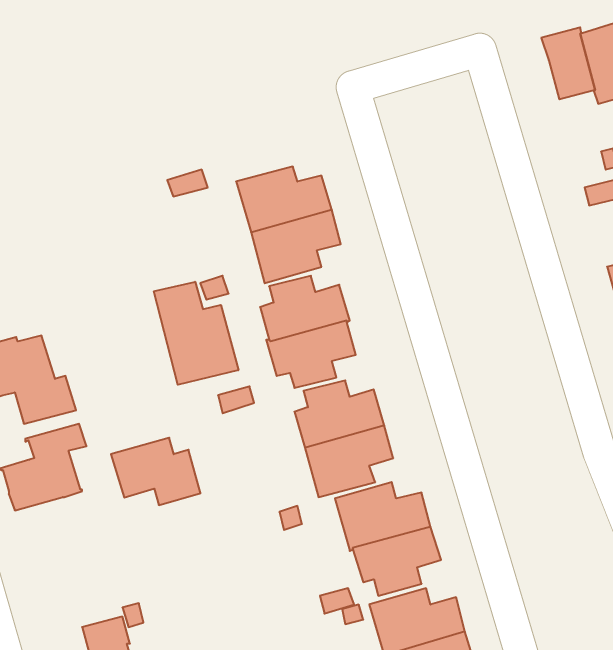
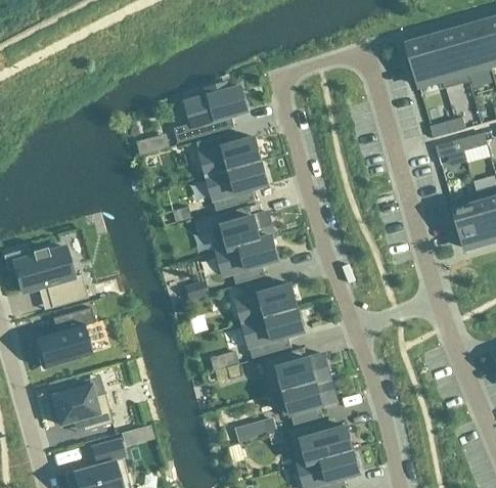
building: none -> [174,83,247,142]
building: [154,282,238,385] -> none
building: [111,438,201,505] -> [50,384,111,430]

